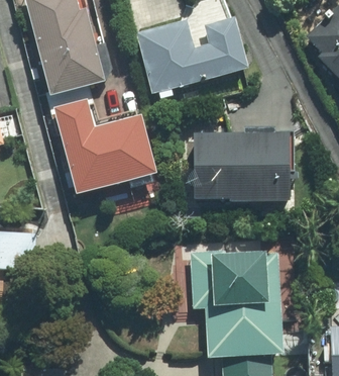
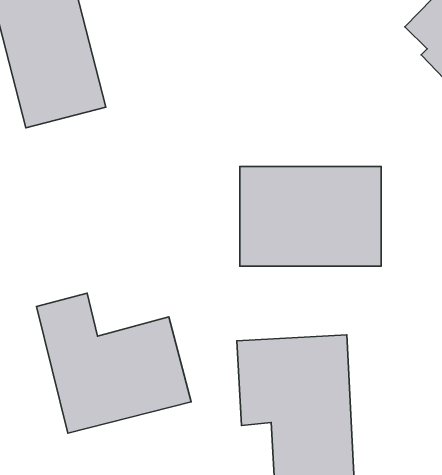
building: [137,23,246,97] -> none
building: [49,106,154,201] -> [36,293,191,433]

